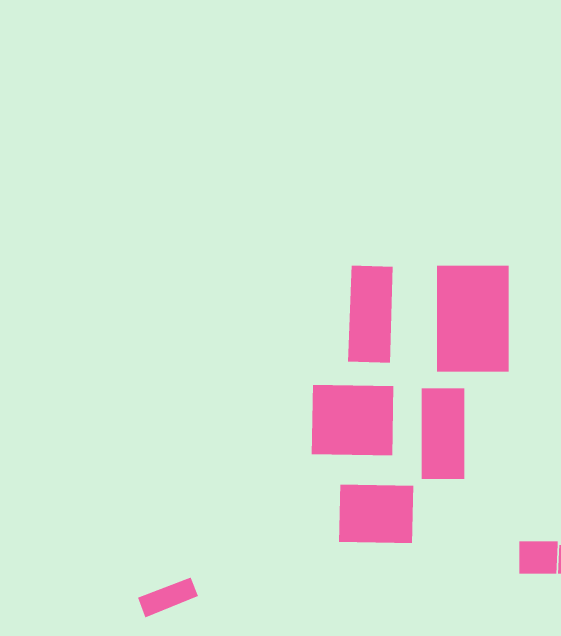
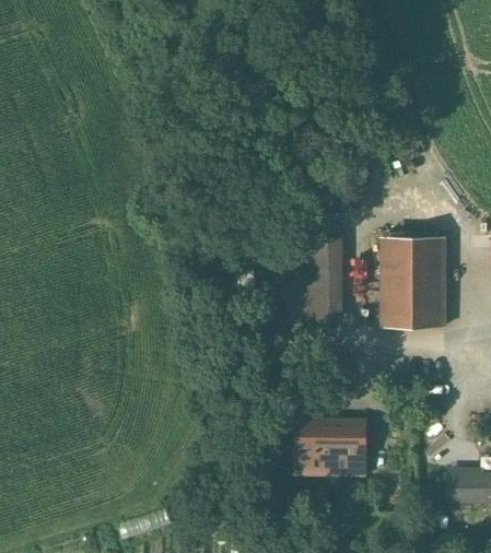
building: [311,384,394,456] -> none
building: [421,387,465,480] -> none

